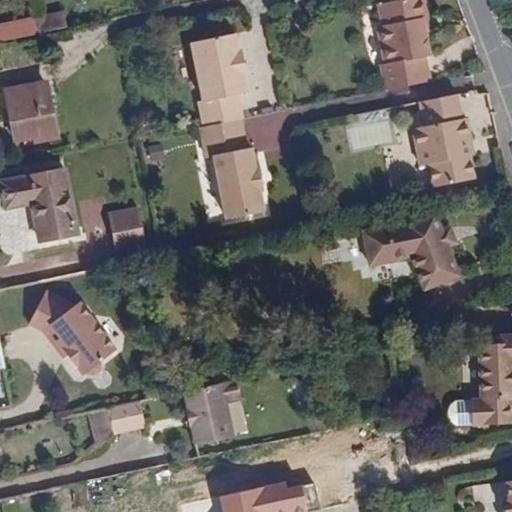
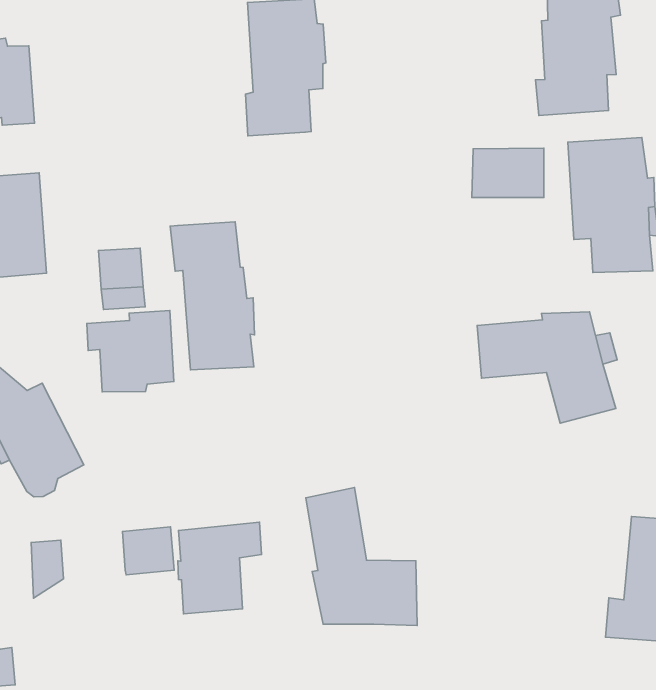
building: [193,120,259,220] -> [170,222,255,370]
building: none -> [87,311,174,392]
building: none -> [306,488,417,626]
building: [109,399,146,434] -> [122,527,174,575]

